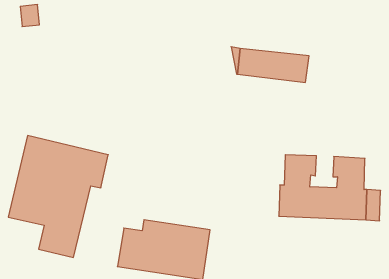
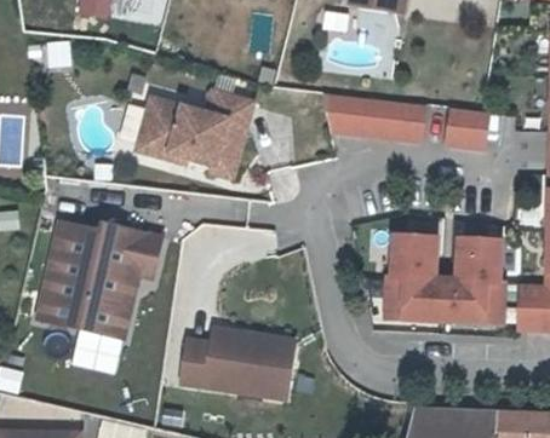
building: none -> [138,92,254,178]
building: none -> [448,108,488,148]

